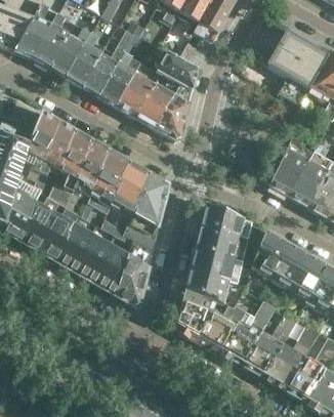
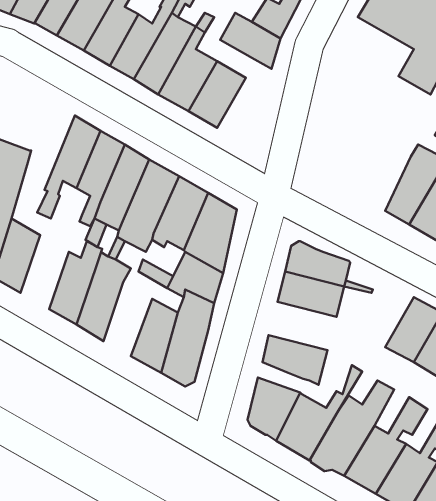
building: [156,83,193,139] -> none
building: [28,110,59,170] -> none
building: [23,194,59,251] -> none
building: [252,230,289,277] -> none
building: [79,233,112,283] -> none
building: [191,246,237,279] -> none

